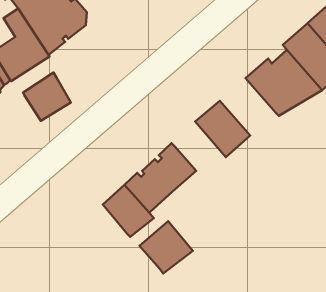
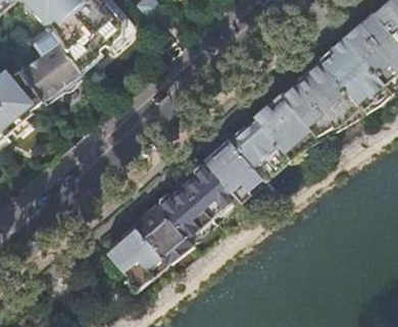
building: [23,72,71,121] -> none
building: none -> [256,95,314,154]
building: none -> [206,140,262,198]
building: [140,221,193,273] -> [105,225,160,279]

